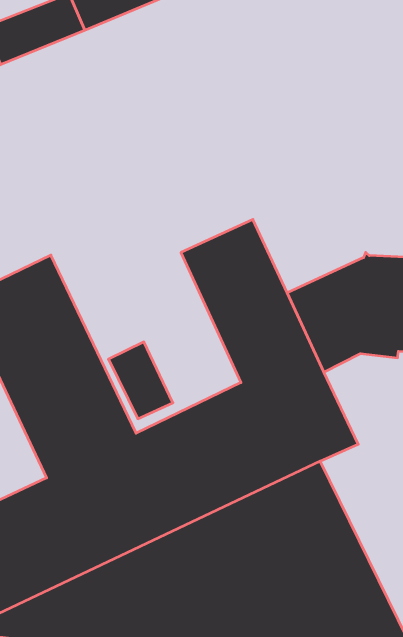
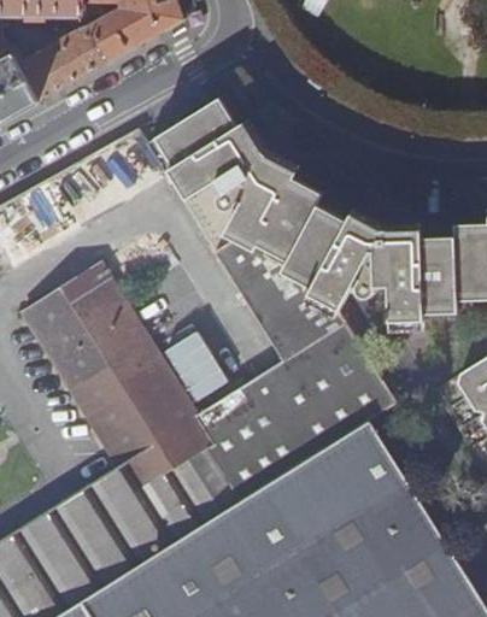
building: none -> [151,96,385,276]

